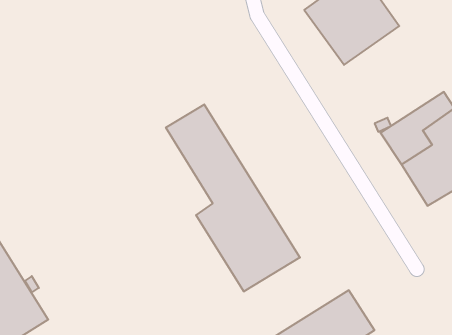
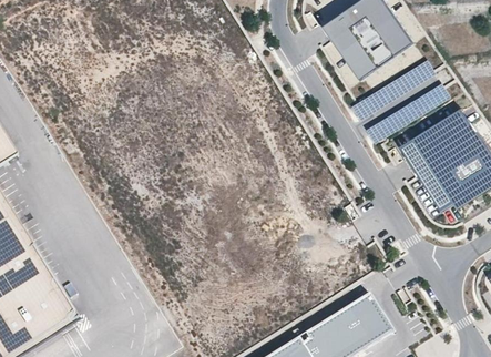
building: none -> [349,58,434,120]
building: none -> [362,82,448,144]
building: [166,104,300,292] -> none

